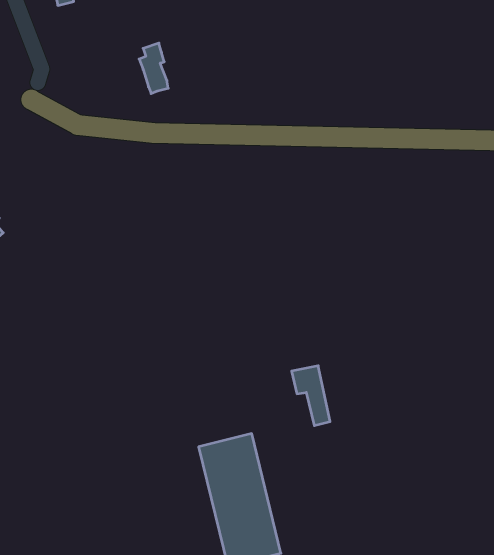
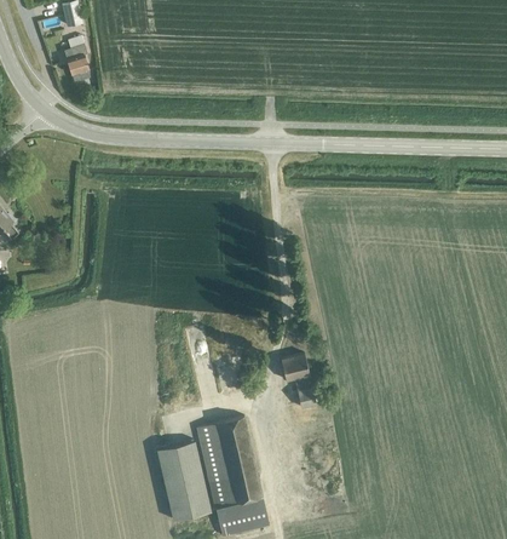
building: [139,43,168,94] -> [63,36,90,82]
building: none -> [155,441,209,521]

